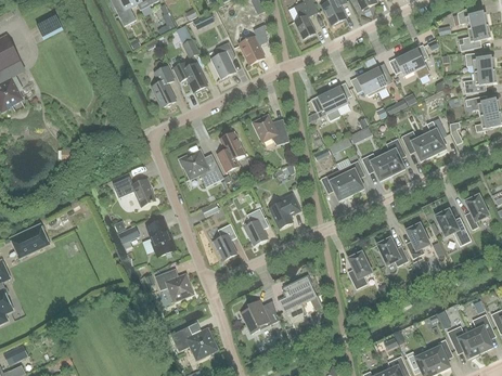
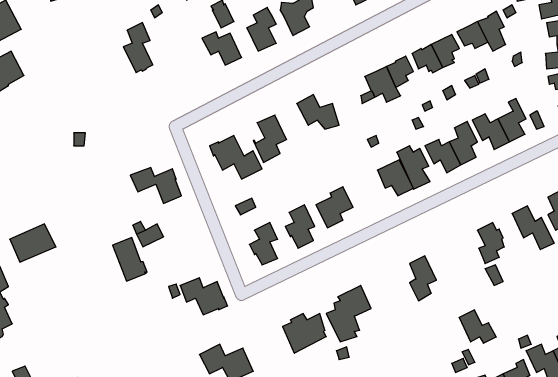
building: [151,64,176,106] -> [123,23,153,73]
building: [146,218,176,255] -> [113,238,147,281]
building: [376,236,408,264] -> [459,310,496,343]

